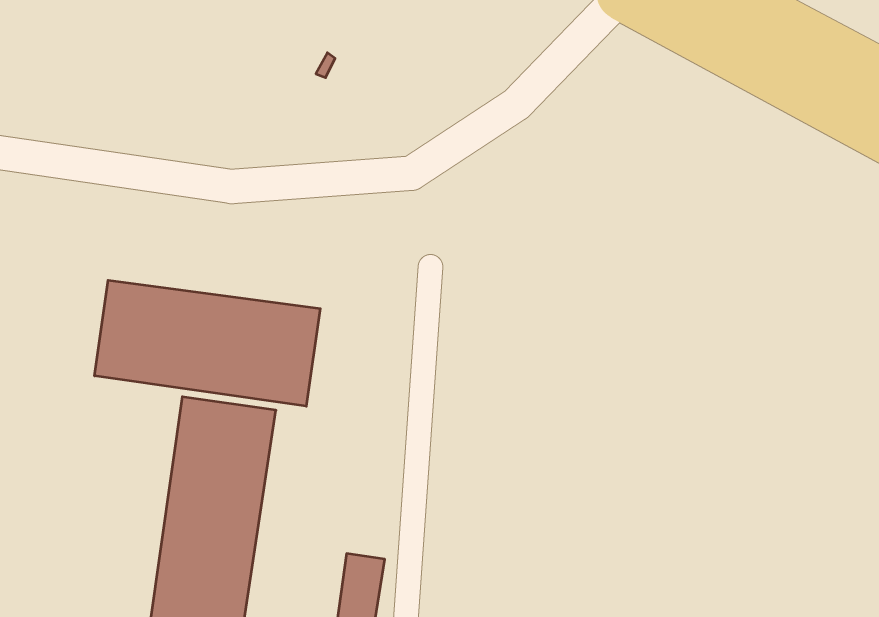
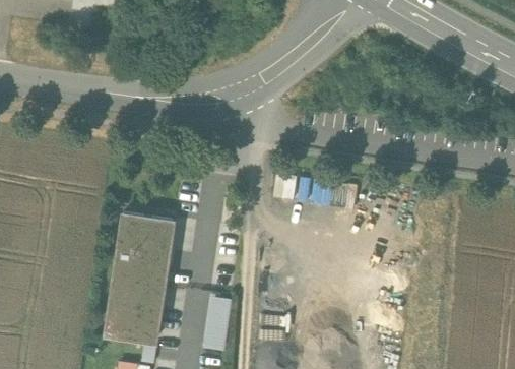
building: [95,280,320,406] -> none

